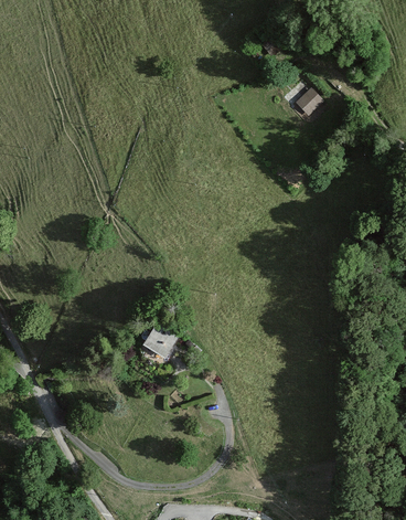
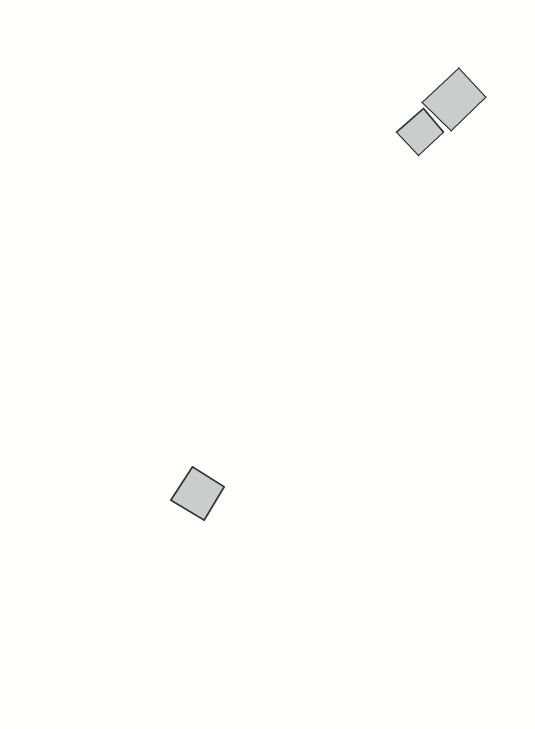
building: none -> [422,68,486,131]

